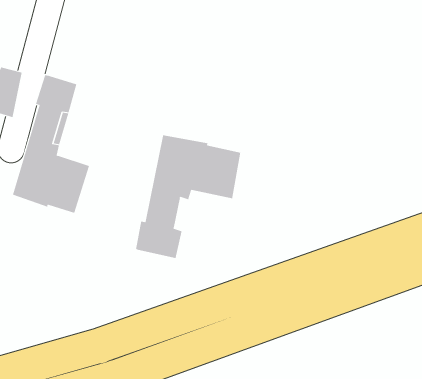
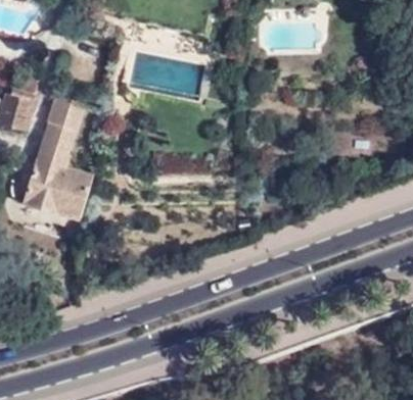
building: [136,134,241,259] -> none

